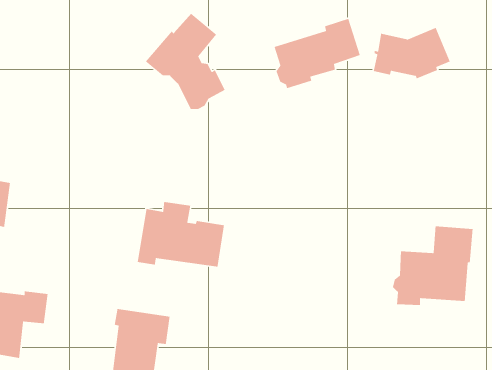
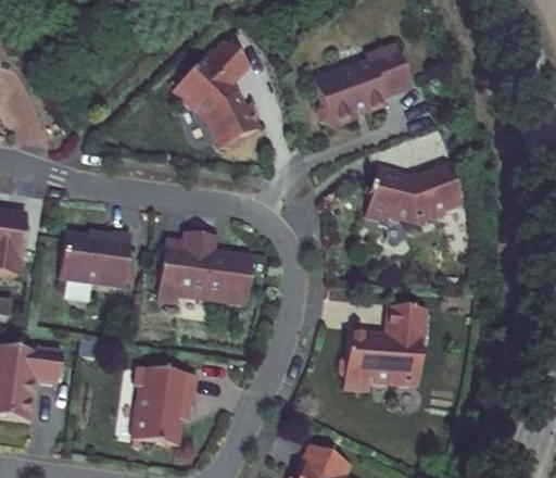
building: [373,27,451,80] -> [372,167,458,225]
building: none -> [62,229,134,284]
building: [392,226,473,306] -> [338,304,427,392]

